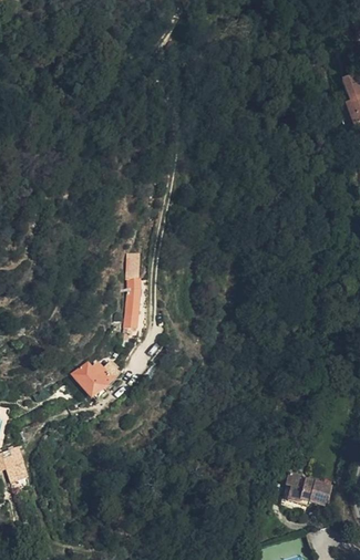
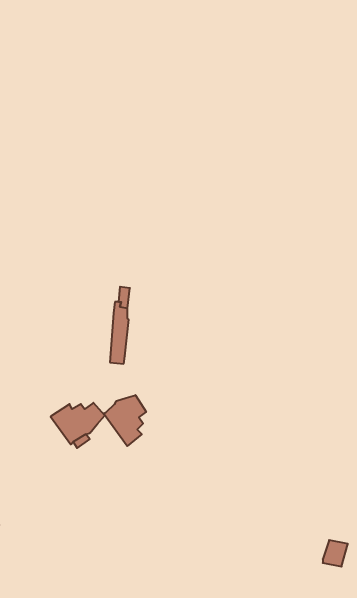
building: none -> [103,395,146,446]
building: [282,474,316,508] -> none

